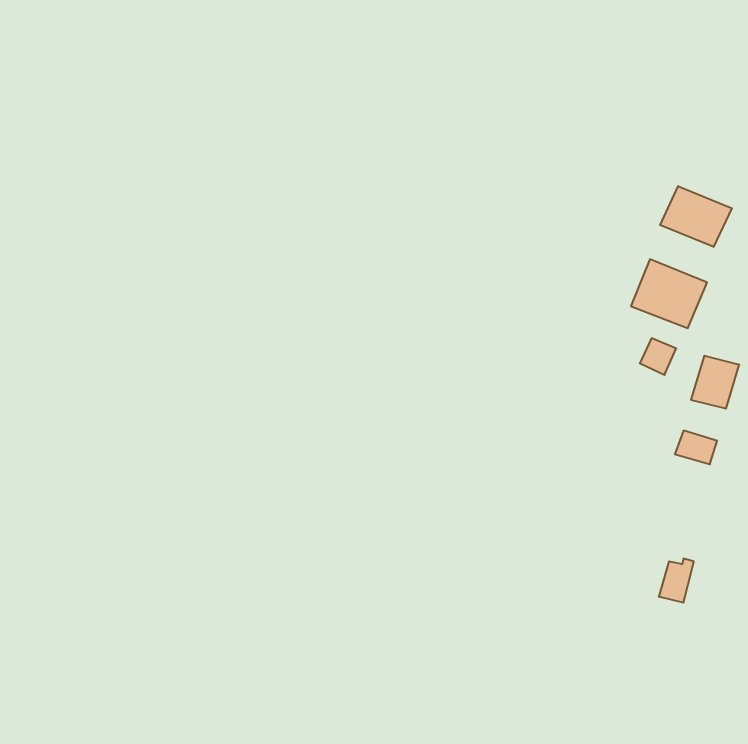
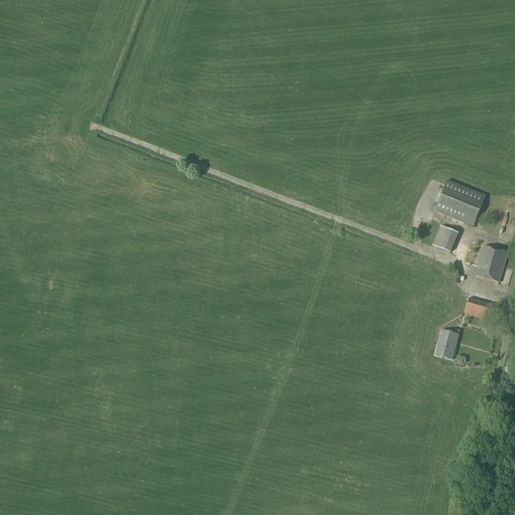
building: [660,186,732,247] -> none
building: [659,558,694,602] -> [435,327,459,357]

